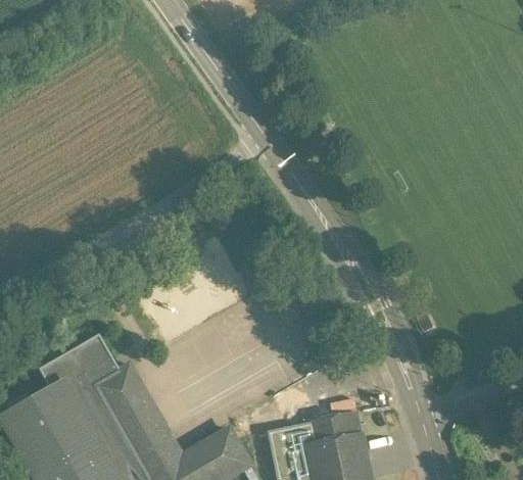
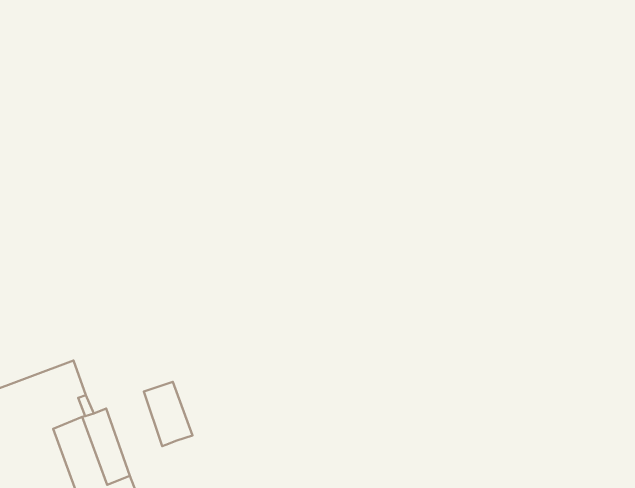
building: none -> [144,382,192,446]

